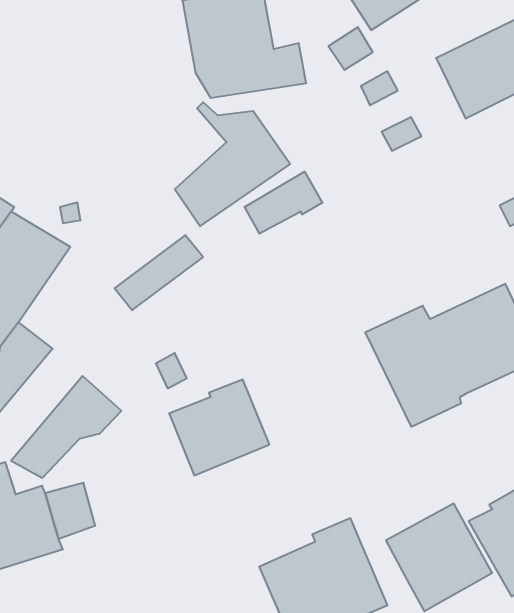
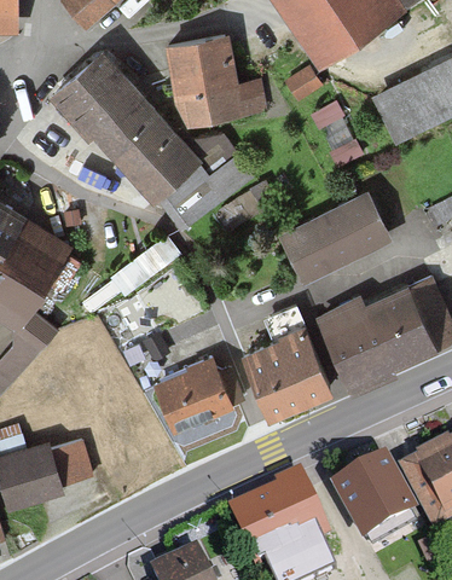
building: none -> [48,51,201,203]
building: none -> [279,192,392,284]
building: none -> [242,306,332,419]
building: [11,376,121,478] -> none

